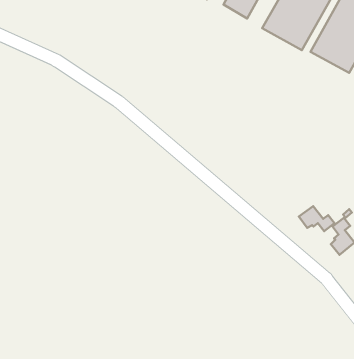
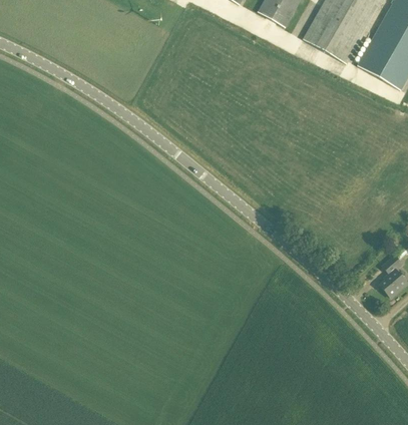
building: [299,206,335,231] -> none

